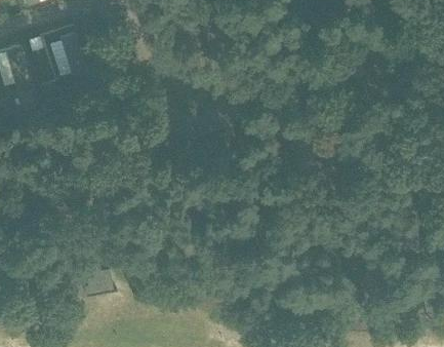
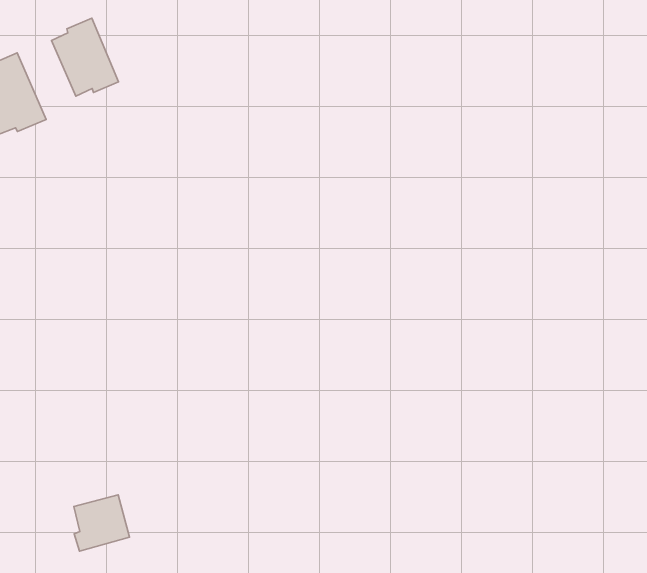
building: none -> [52,18,119,96]

